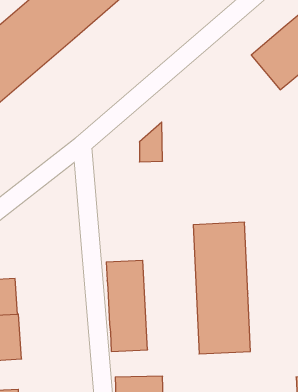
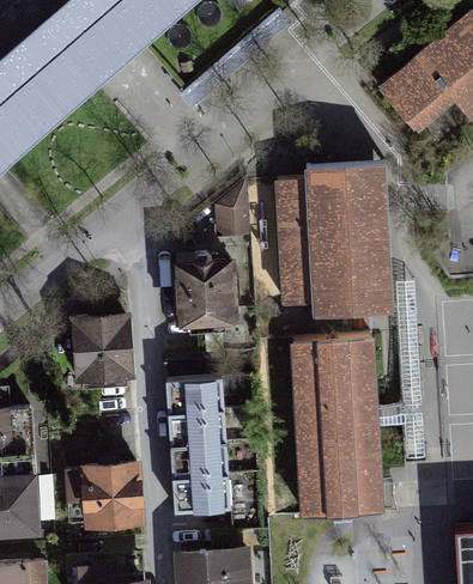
building: none -> [279,160,390,314]
building: none -> [177,260,239,330]
building: none -> [72,323,134,397]
building: none -> [66,464,144,525]

